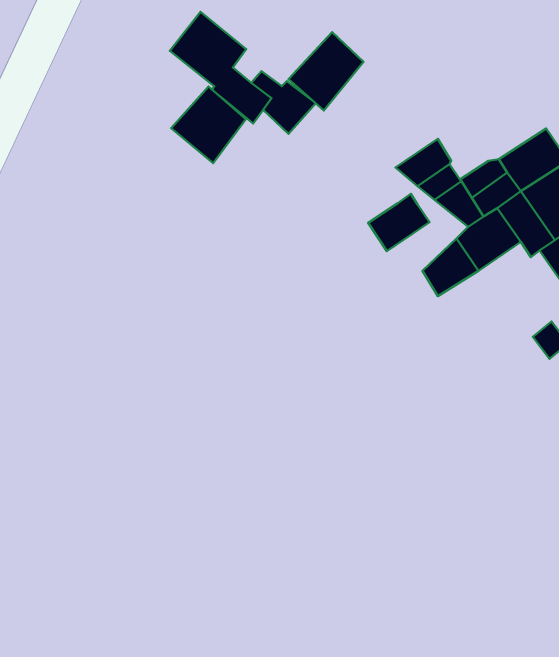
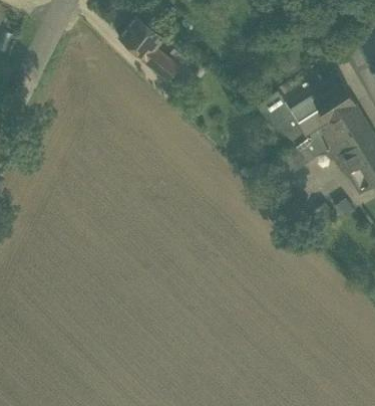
building: [288,32,363,110] -> none
building: [171,86,246,163] -> none
building: [368,194,430,251] -> none

